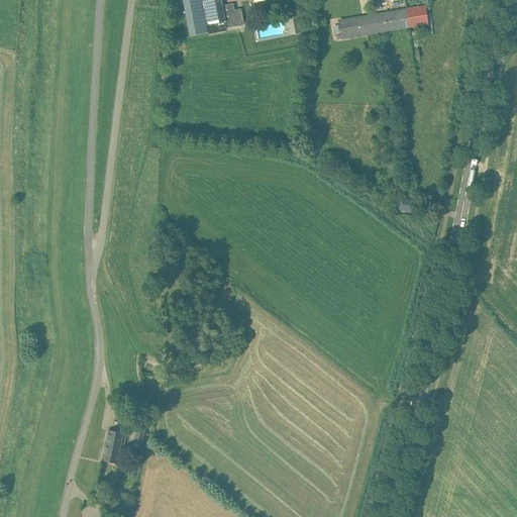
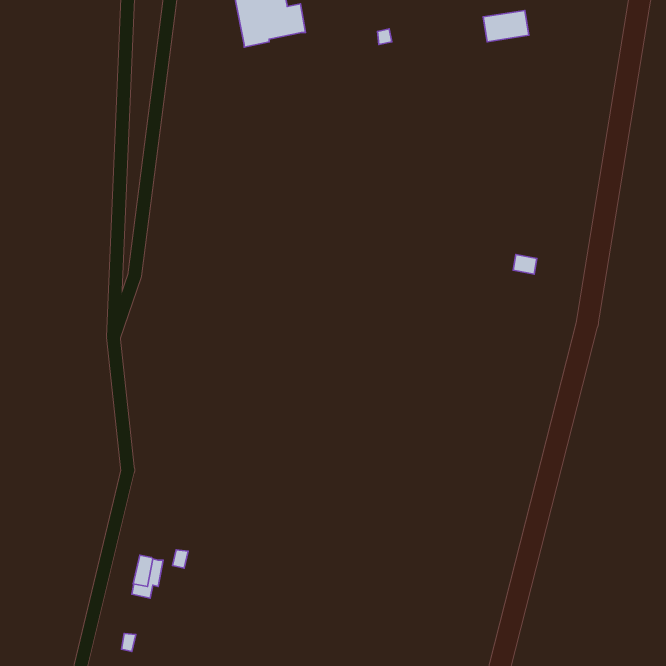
building: [407,5,428,27] -> none
building: [338,13,378,38] -> none

